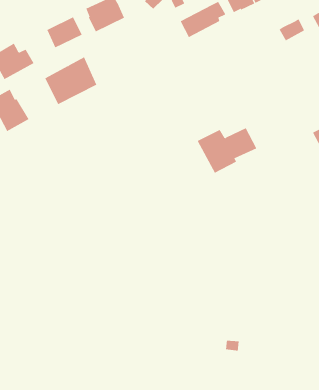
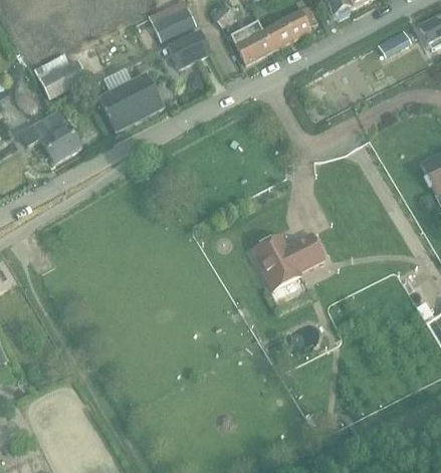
building: none -> [230,20,272,63]
building: [47,16,83,48] -> [168,30,211,68]
building: [197,128,257,174] -> [252,233,324,288]

